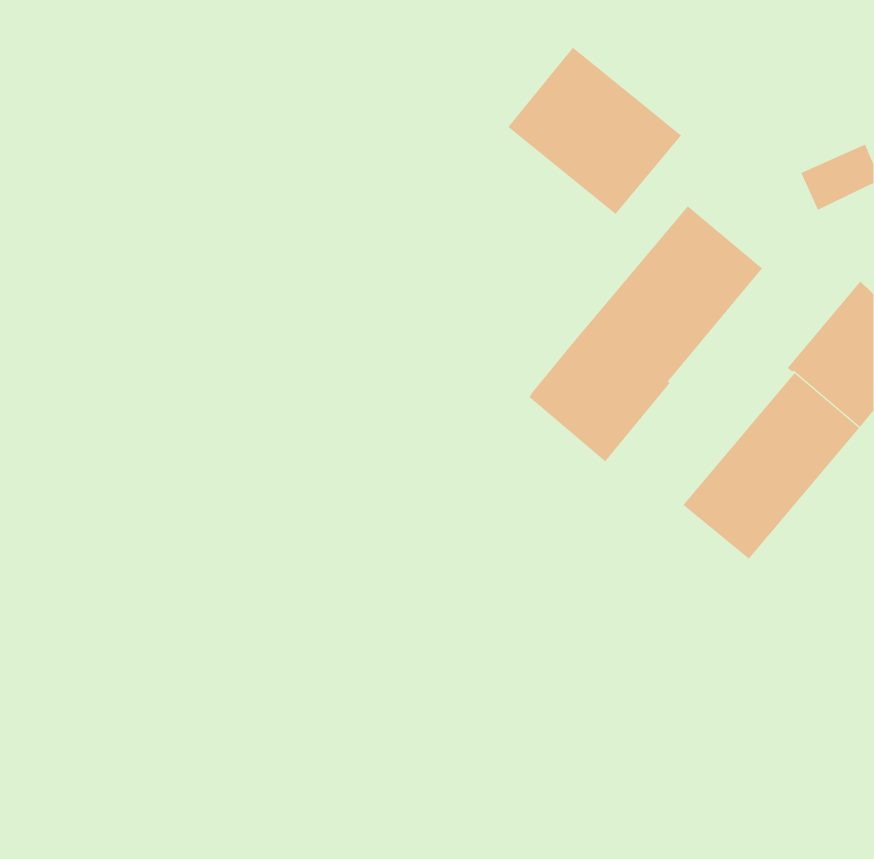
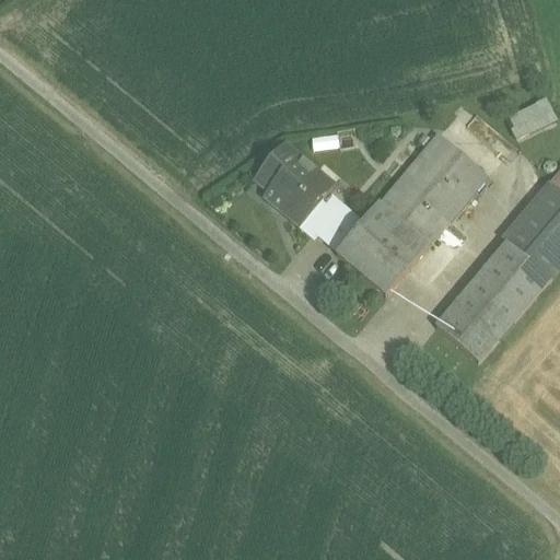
building: [507,46,682,215] -> none
building: none -> [255,140,365,250]

